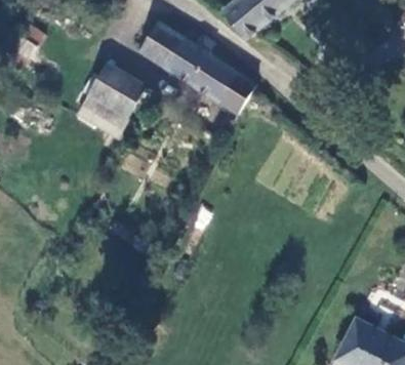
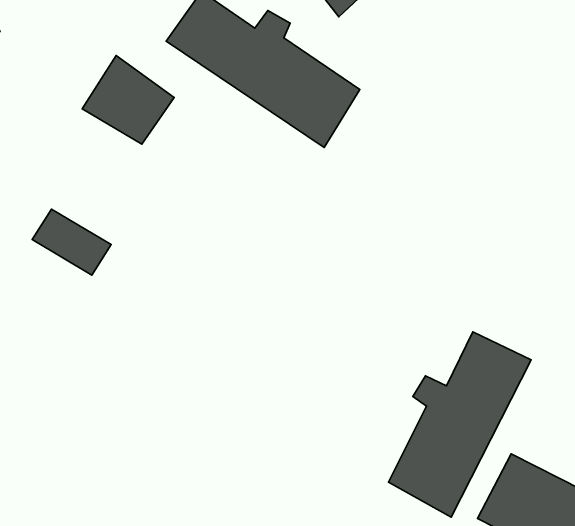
building: [73,97,123,139] -> [32,209,111,275]
building: none -> [388,332,531,517]

